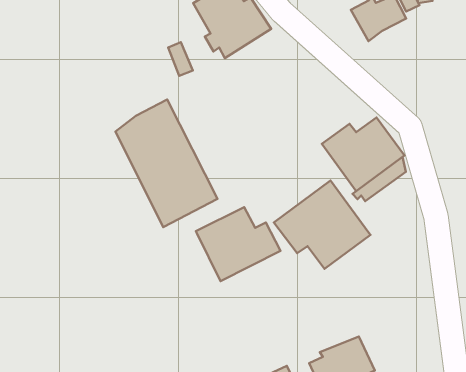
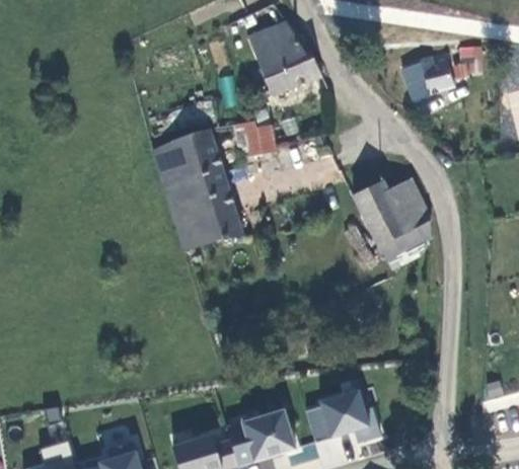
building: none -> [234,121,277,156]
building: [274,180,370,269] -> none
building: [196,207,281,281] -> none

